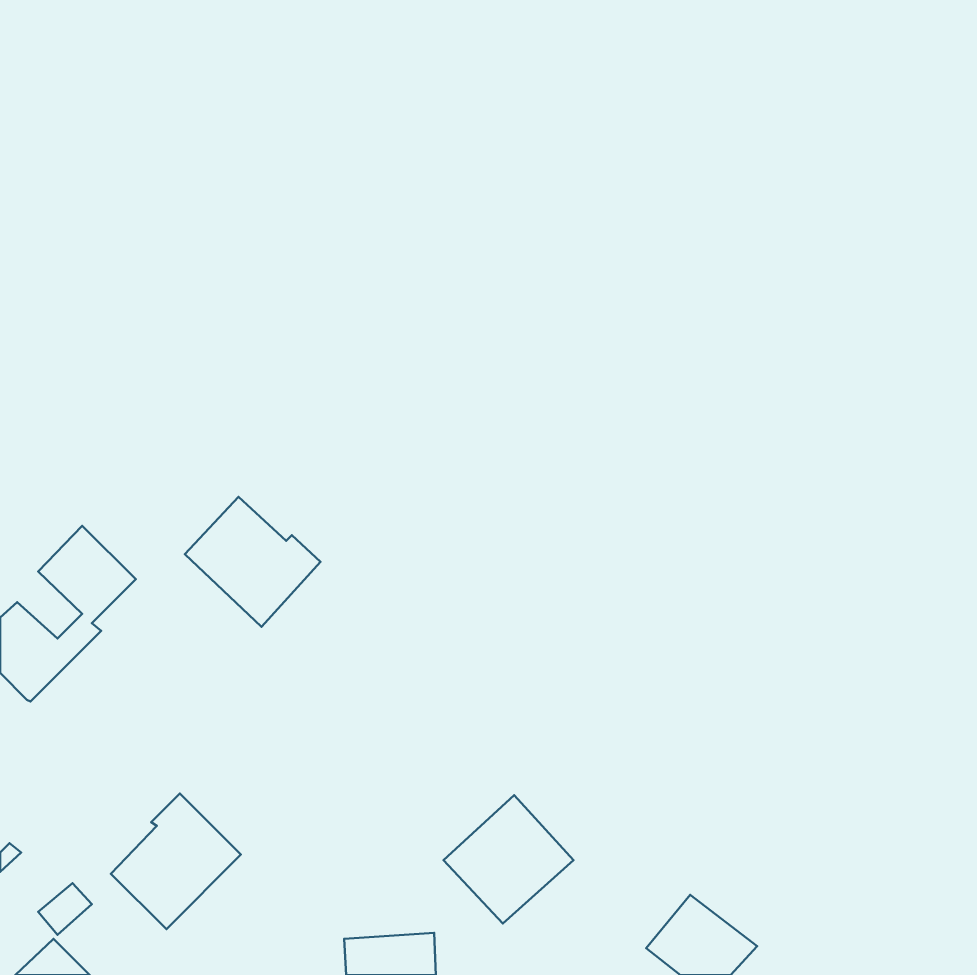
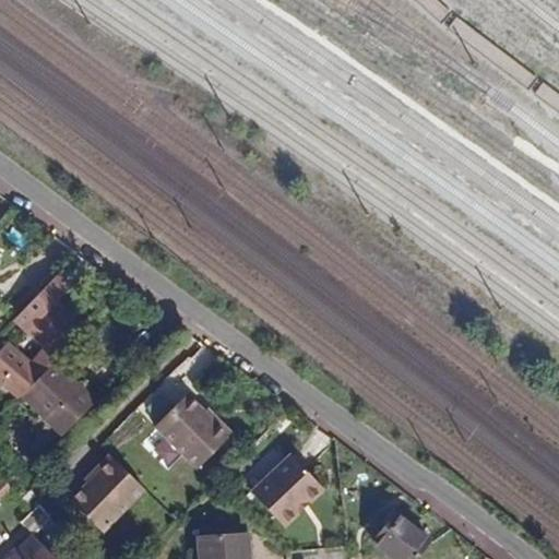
building: [185,497,321,627] -> [151,393,228,467]
building: none -> [21,360,97,437]

